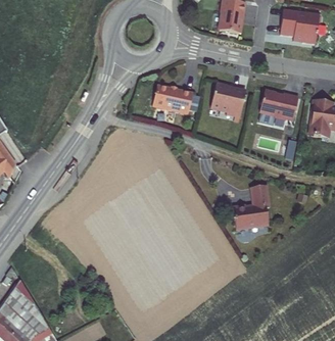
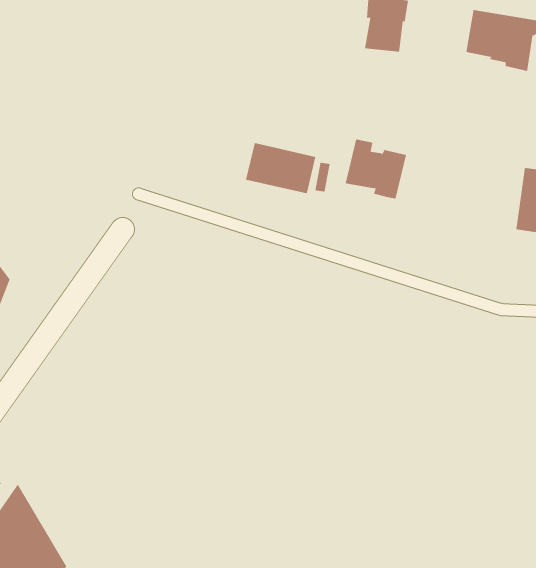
building: [258,89,297,124] -> none
building: [233,186,270,230] -> none

